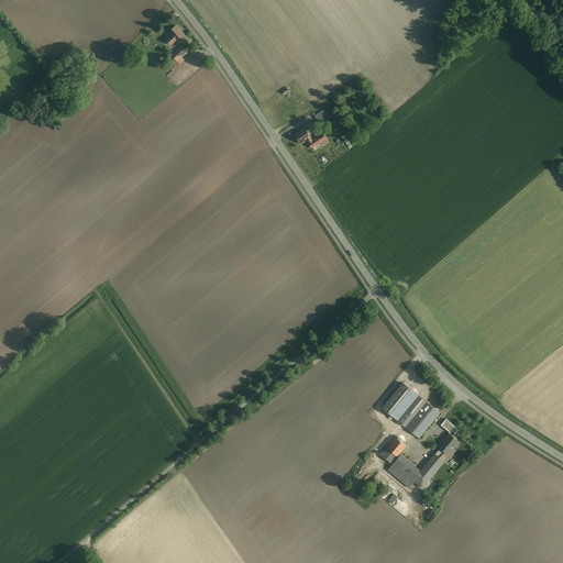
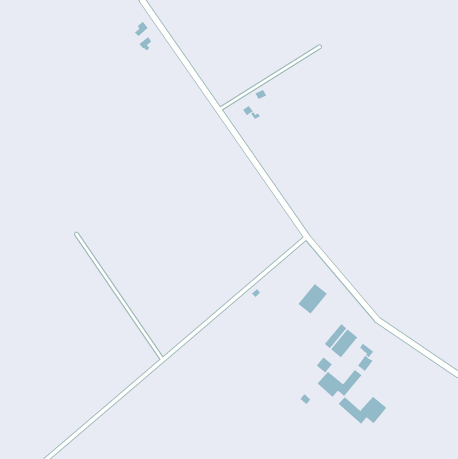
building: [379,383,417,421] -> [297,283,328,315]
building: none -> [338,396,387,424]

